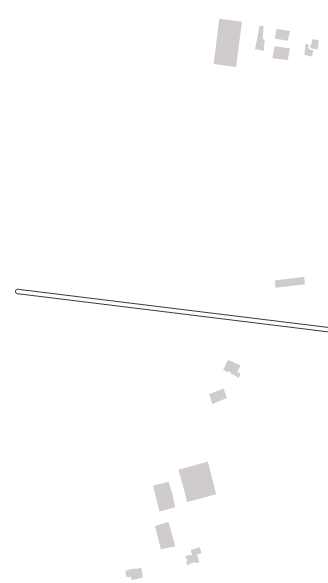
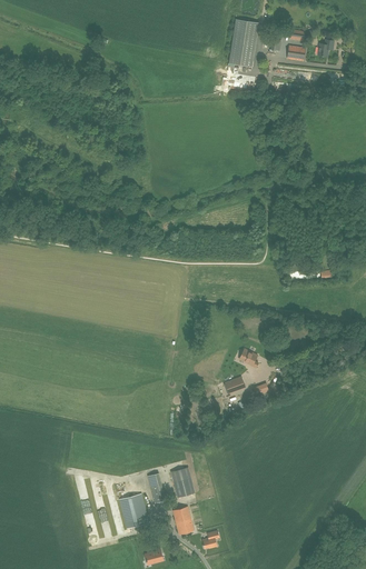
building: [178,461,217,503] -> none
building: none -> [119,492,148,527]

